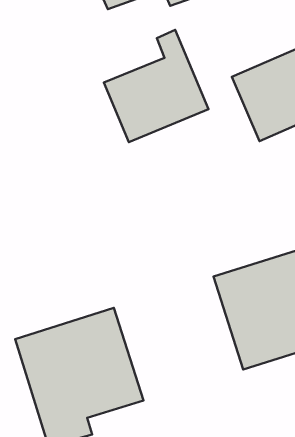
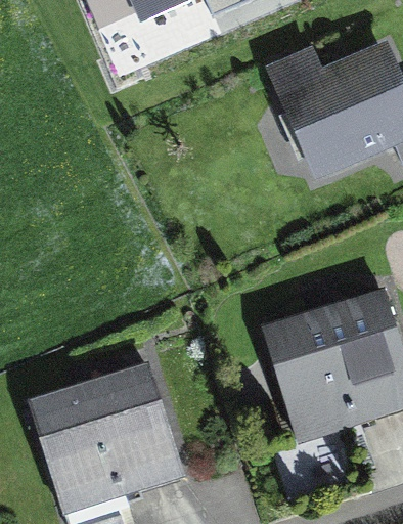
building: [104,30,209,142] -> none

